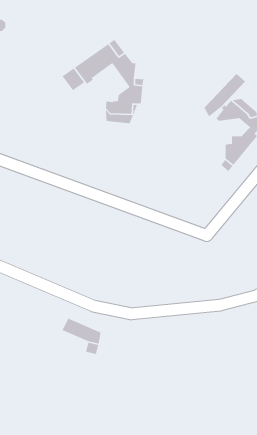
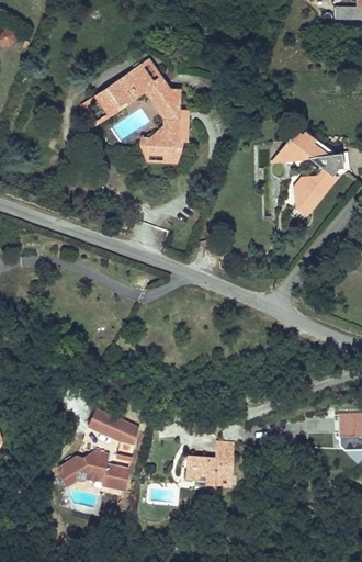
building: [204,73,246,117] -> none
building: none -> [182,441,230,485]
building: none -> [55,450,126,488]

